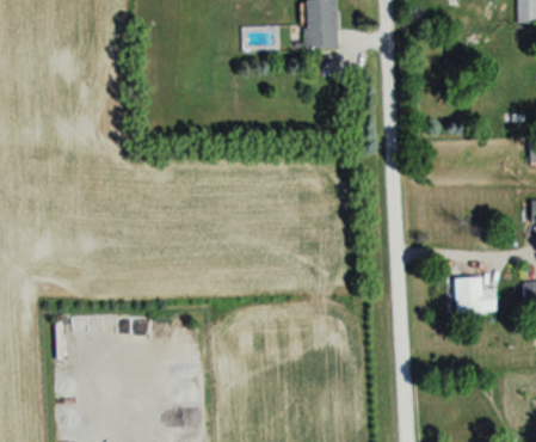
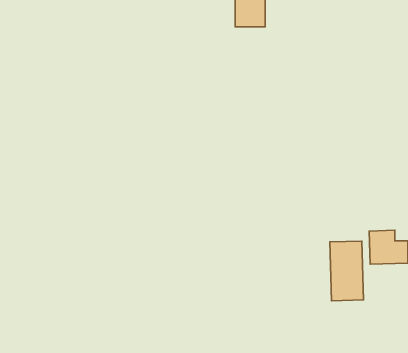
building: none -> [330,241,364,301]

